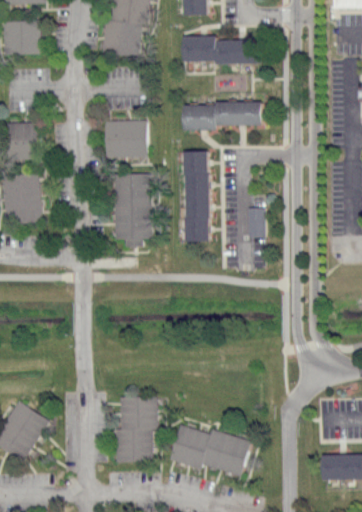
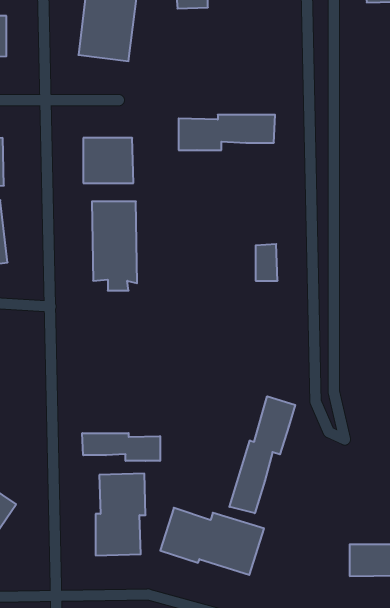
building: [183,36,263,65] -> none
building: [184,152,209,242] -> none
building: none -> [229,396,295,513]
building: none -> [82,433,160,461]

